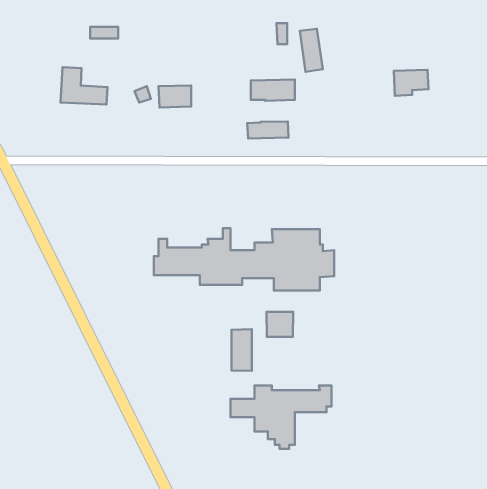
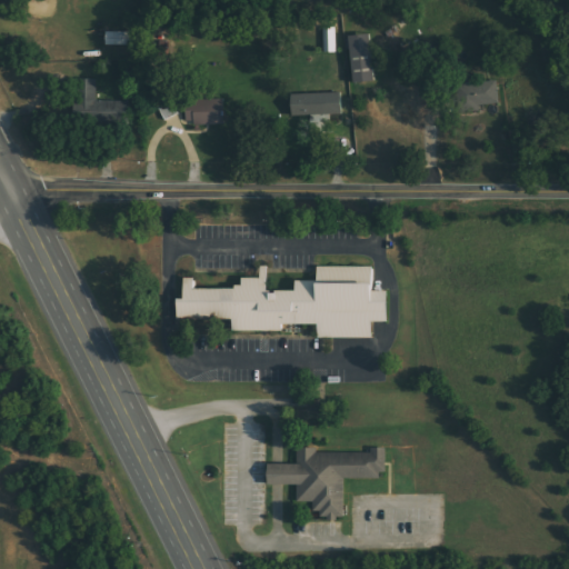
building: [247,122,289,138] -> none
building: [266,312,293,337] -> none
building: [231,329,252,371] -> none

